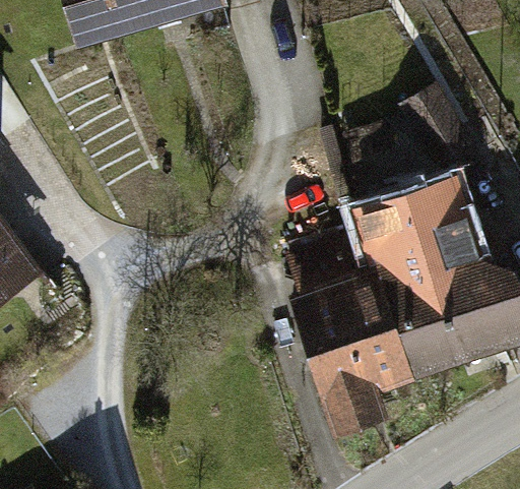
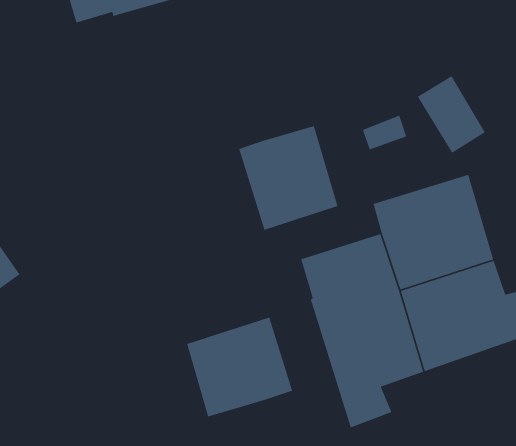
building: none -> [238,125,338,231]
building: none -> [186,317,293,417]

